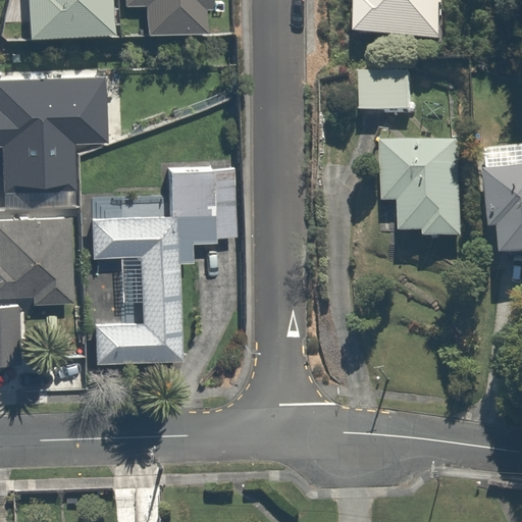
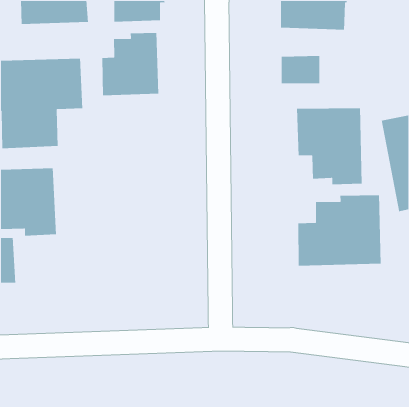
building: none -> [102,32,159,96]
building: [90,168,236,363] -> none
building: none -> [298,194,381,266]

